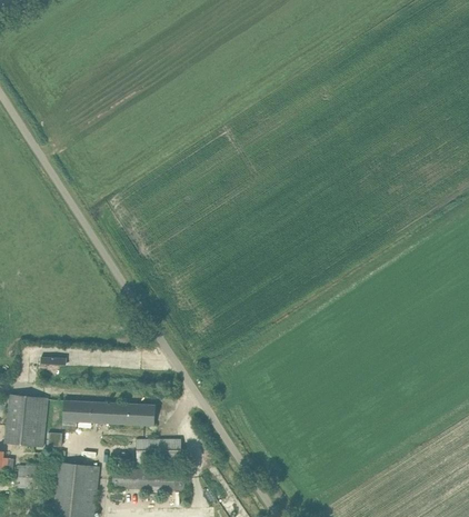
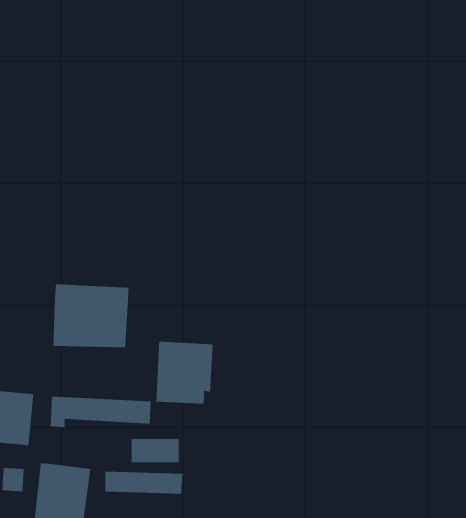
building: none -> [53,284,129,348]
building: none -> [156,341,213,404]

